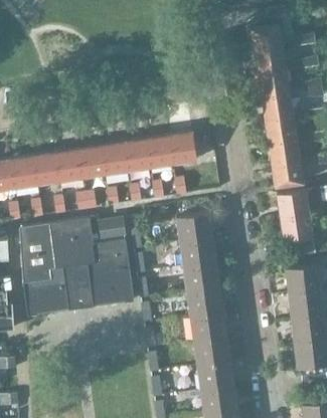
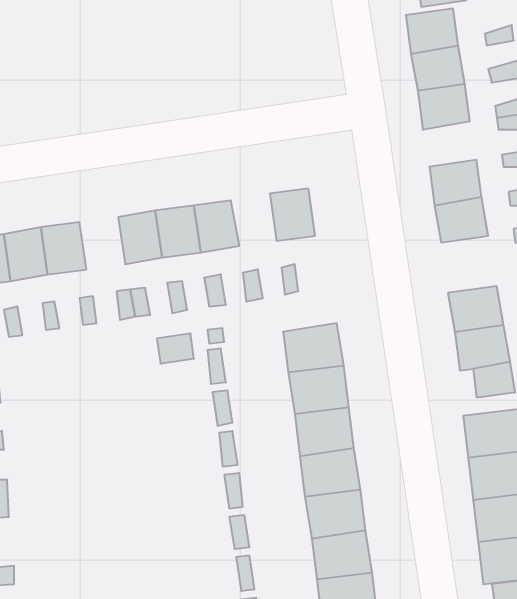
building: [261,91,293,119] -> none
building: [146,135,173,166] -> none
building: [55,149,83,180] -> none
building: [272,160,303,187] -> none
building: [20,218,135,316] -> none

